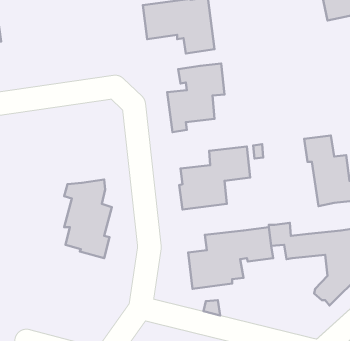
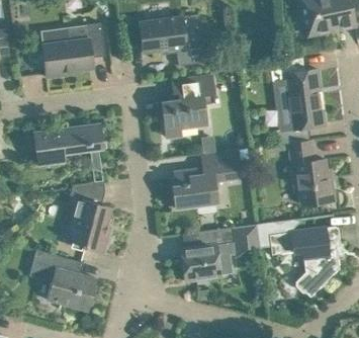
building: none -> [41,22,104,77]
building: none -> [272,58,324,130]
building: none -> [32,123,106,164]
building: none -> [28,249,96,310]

